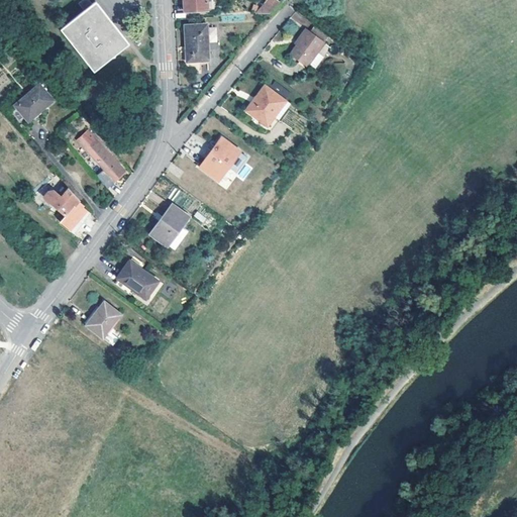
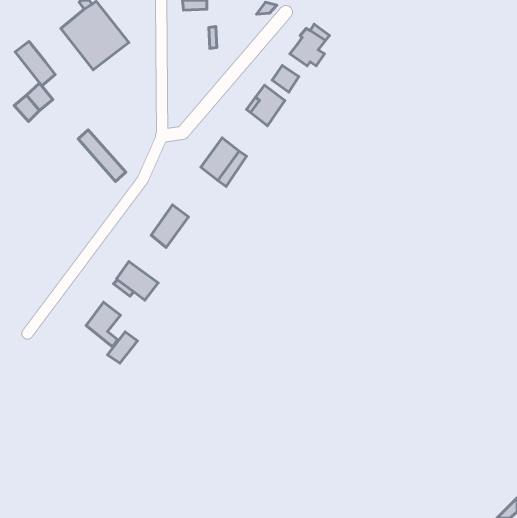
building: [184,23,208,61] -> none
building: none -> [15,42,55,86]
building: none -> [272,65,299,92]
building: [44,188,91,233] -> none
building: none -> [108,332,138,363]

